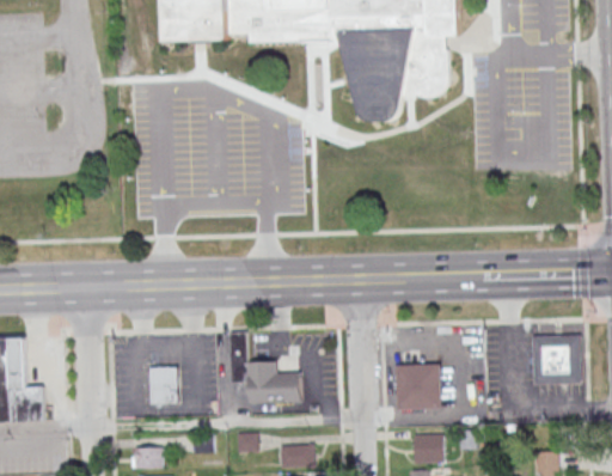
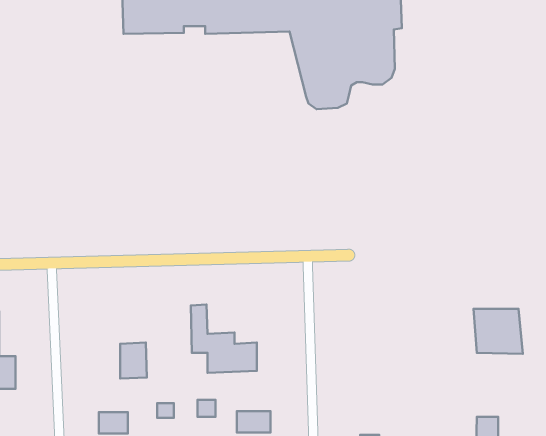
building: [396,365,440,410] -> none
building: [414,434,443,463] -> none

